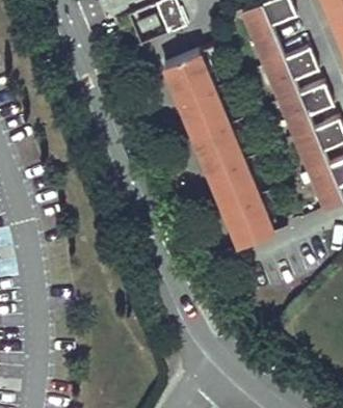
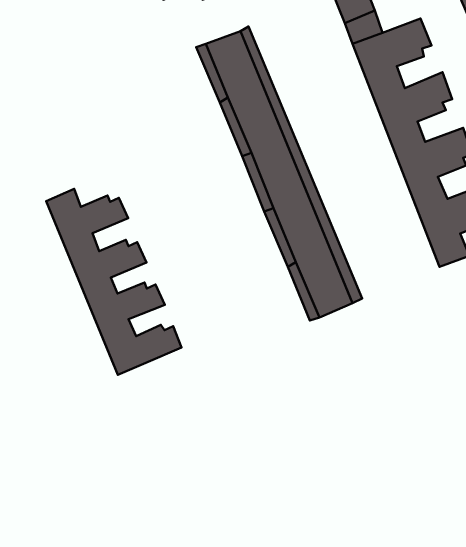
building: none -> [46,189,181,375]

